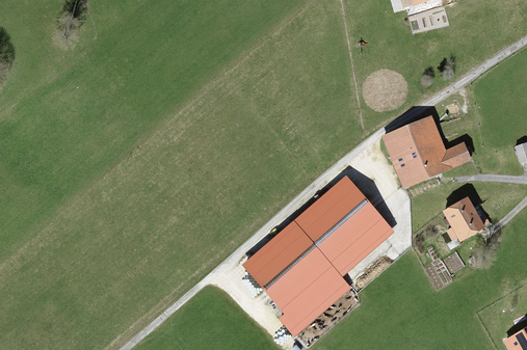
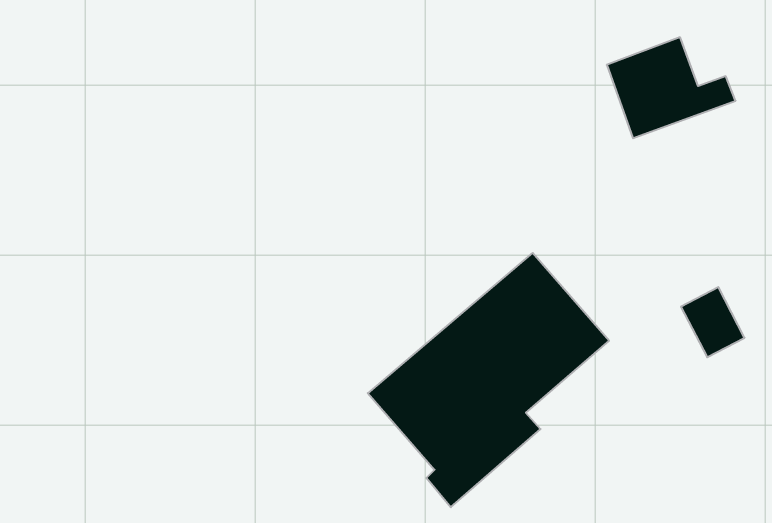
building: [386,119,468,184] -> [607,37,736,138]

